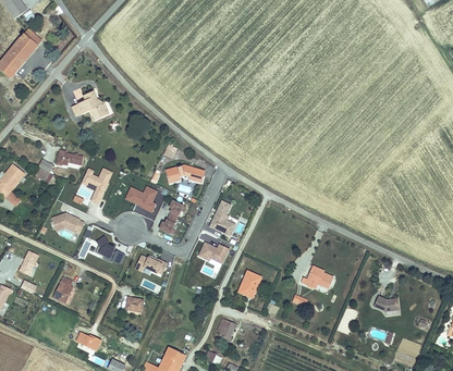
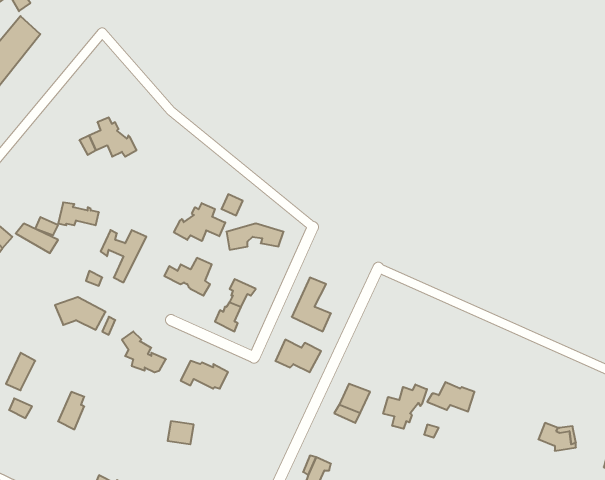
building: none -> [174,203,225,241]
building: none -> [383,384,427,429]

